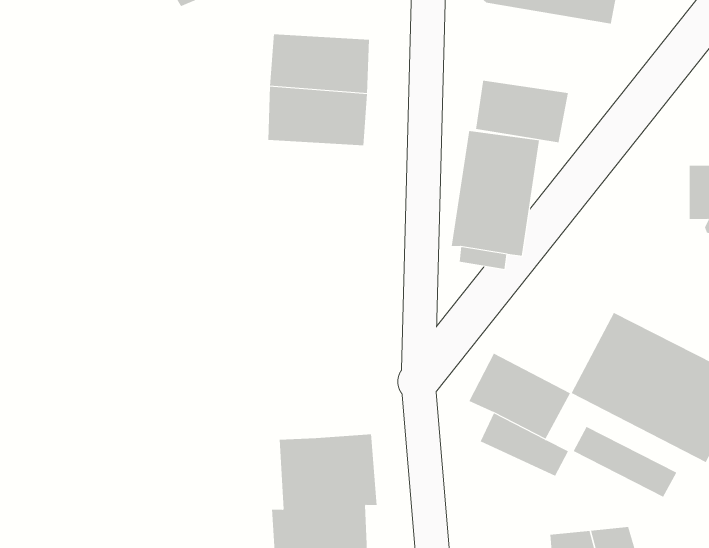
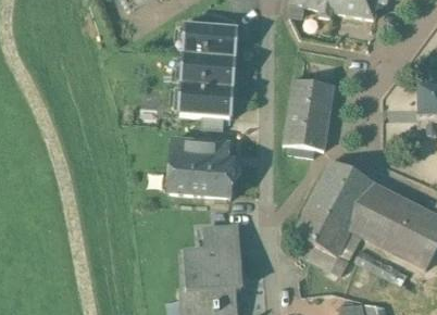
building: [475,80,568,143] -> none
building: none -> [178,84,235,118]
building: none -> [168,140,240,198]
building: none -> [308,158,375,226]
building: none -> [207,227,239,251]

